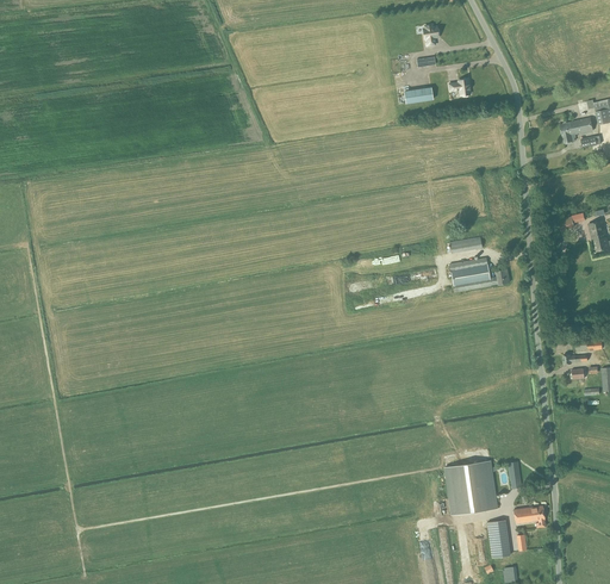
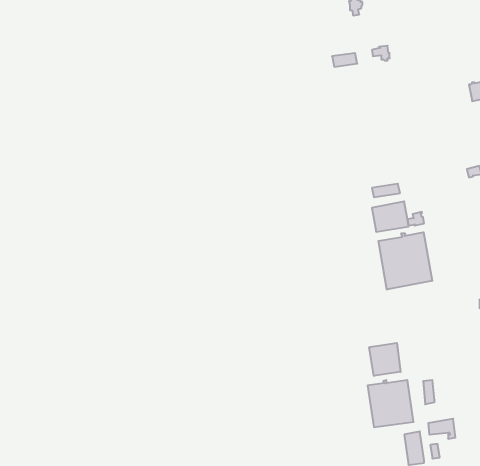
building: none -> [378,232,432,290]
building: none -> [369,343,401,376]

